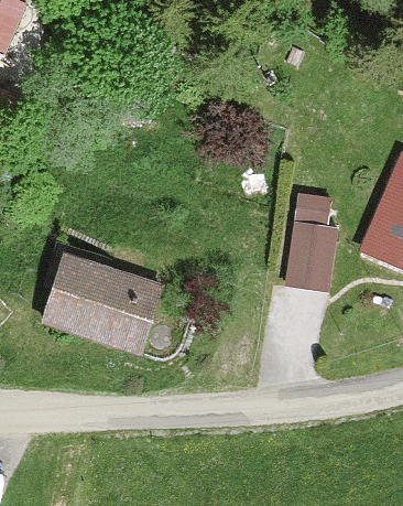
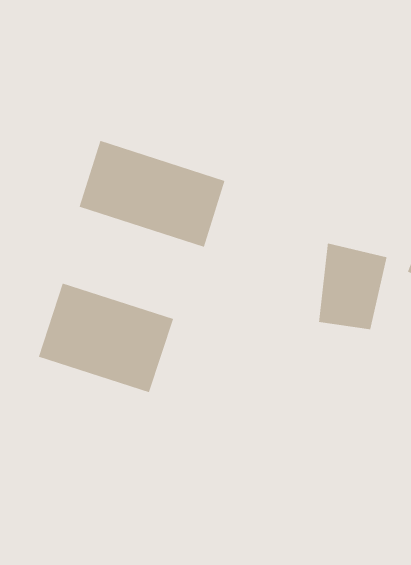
building: none -> [79,140,226,248]

